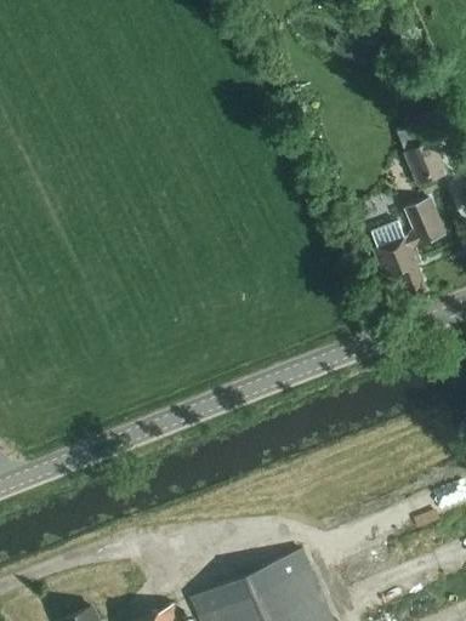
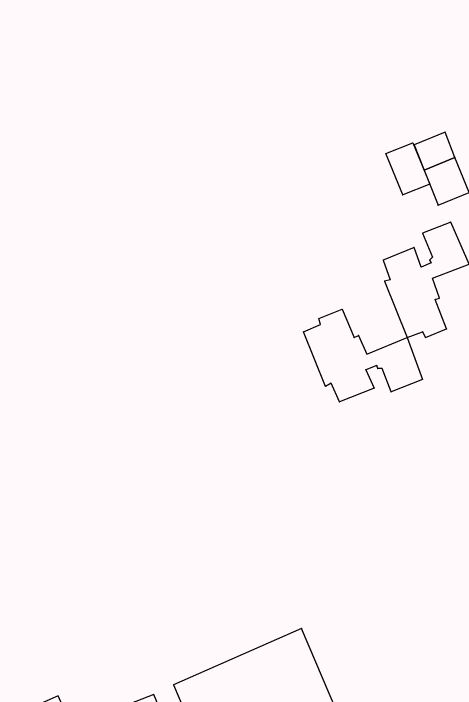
building: none -> [386,143,430,195]
building: none -> [304,309,422,402]

